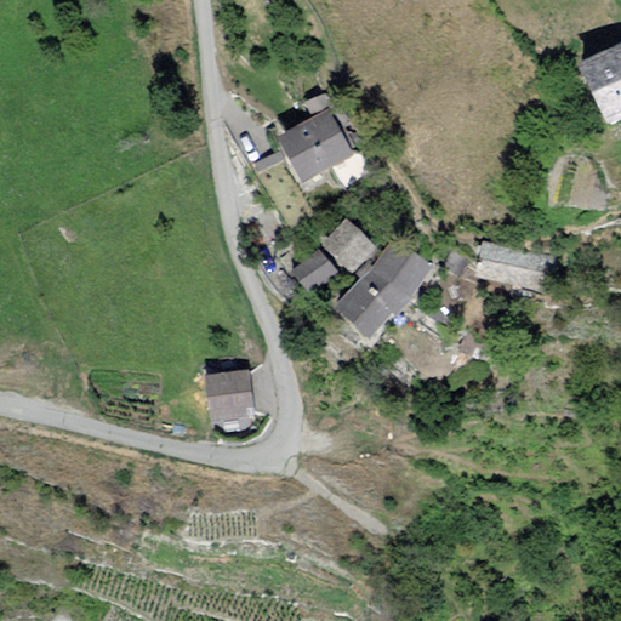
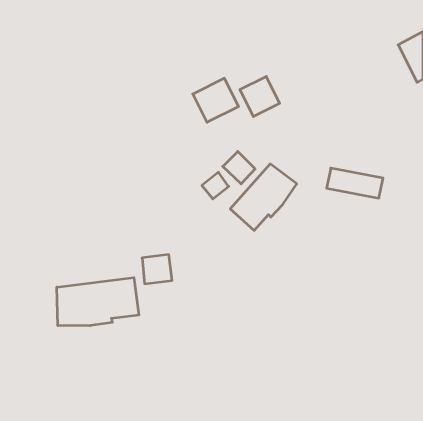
building: none -> [240,76,280,117]
building: none -> [57,278,139,326]

